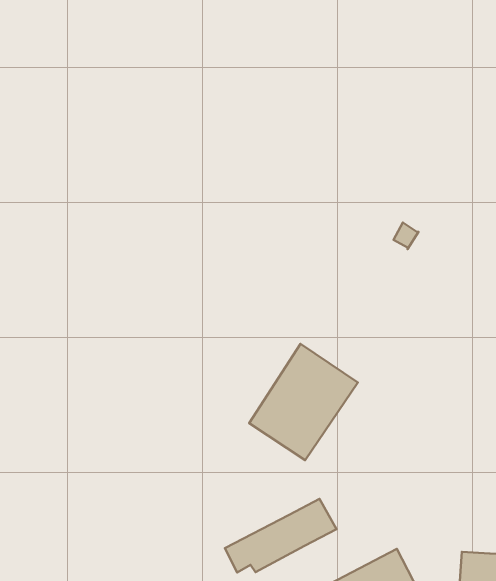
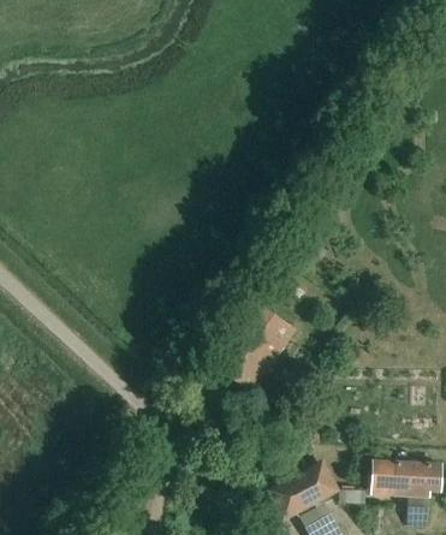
building: [225,499,337,573] -> none

